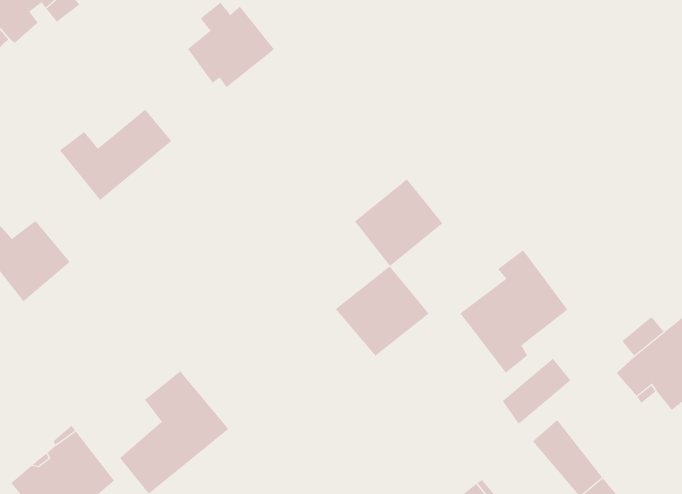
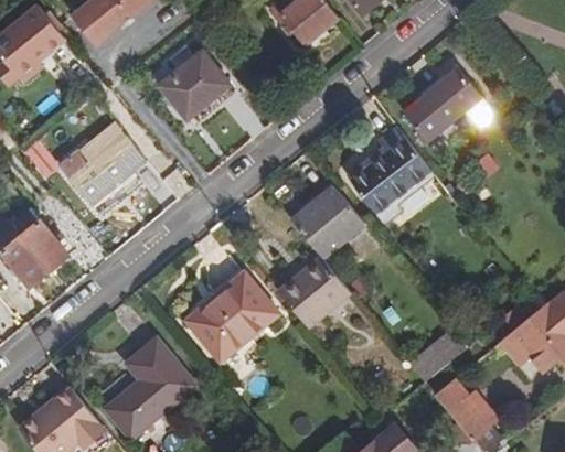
building: none -> [404,69,480,141]
building: [460,250,568,373] -> [347,127,433,225]
building: none -> [189,273,277,363]

